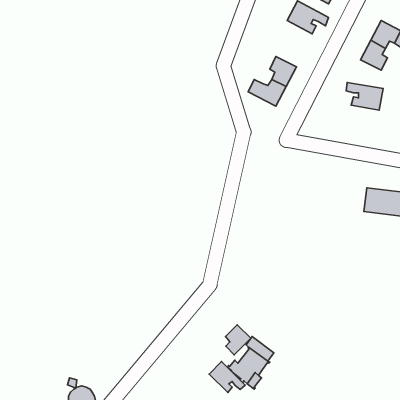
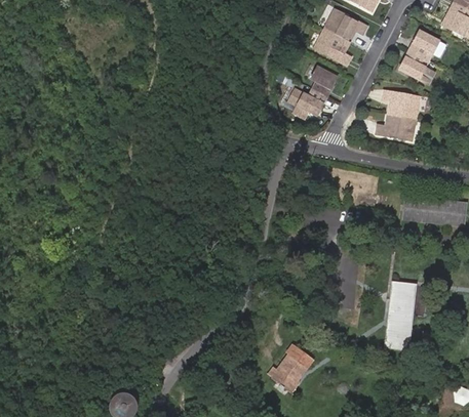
building: none -> [316,29,352,65]
building: none -> [379,113,418,139]
building: none -> [385,282,417,350]
building: [225,325,251,355] -> none
building: [209,361,245,392] -> none

